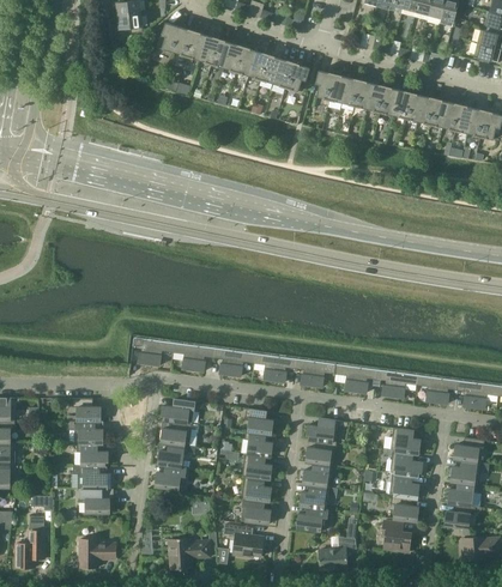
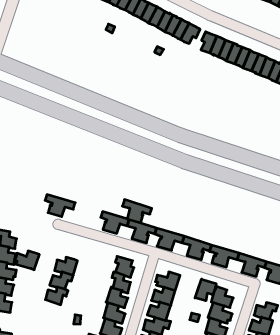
building: [174,343,216,371] -> [122,200,152,223]
building: [162,399,195,424] -> [15,251,39,270]
building: none -> [195,279,216,301]

